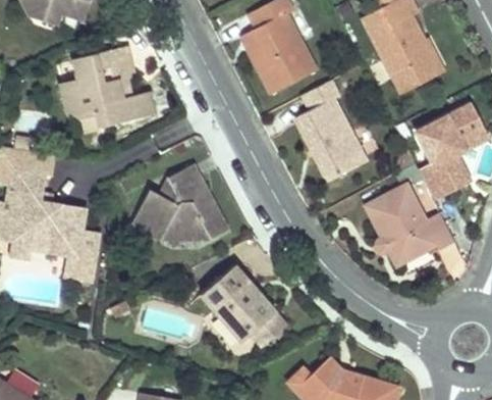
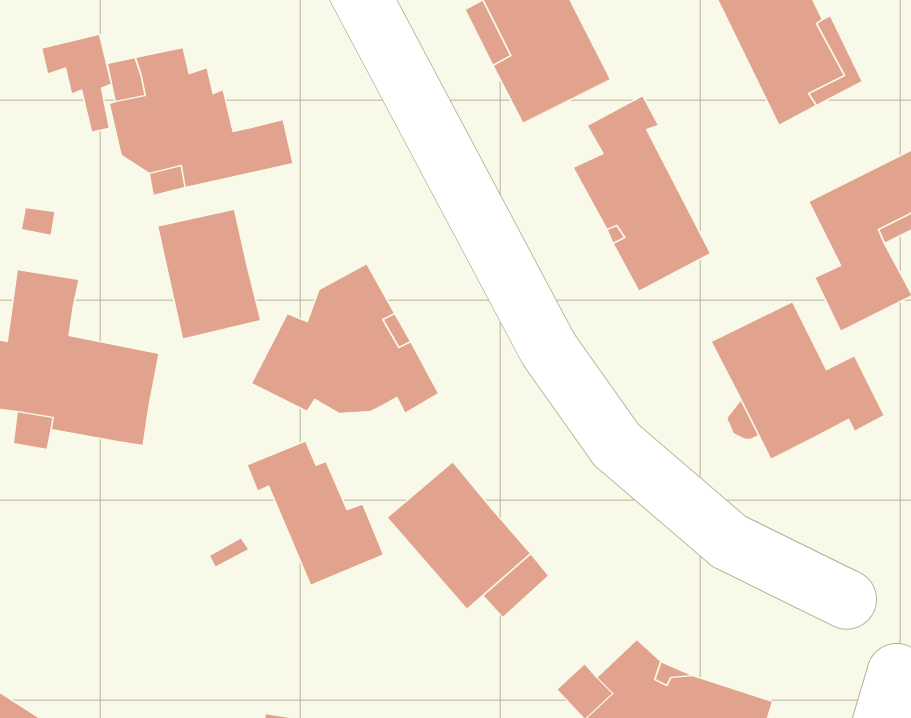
building: [98,47,133,97] -> [42,34,111,132]
building: none -> [157,209,261,339]
building: [60,237,95,282] -> none
building: none -> [247,441,384,586]

